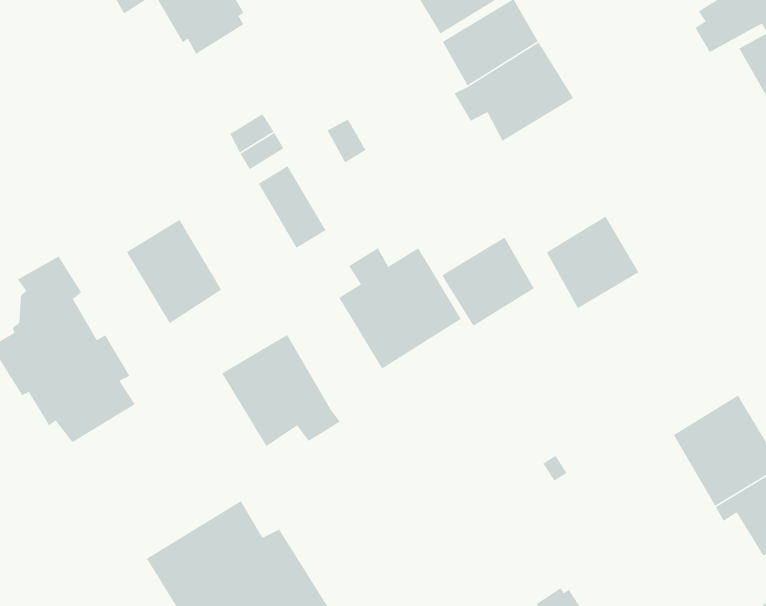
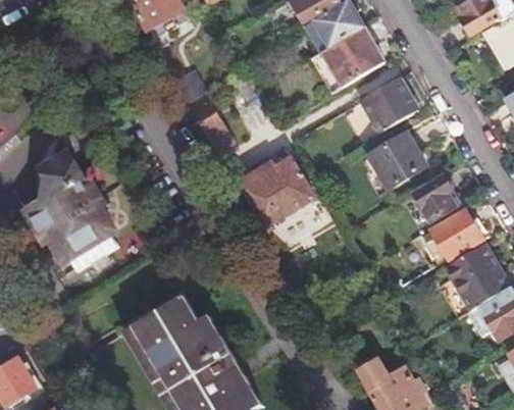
building: [126,219,222,324] -> none
building: [441,237,535,327] -> [360,75,417,131]
building: none -> [415,175,456,219]
building: [221,334,341,447] -> none
building: none -> [421,209,482,260]

